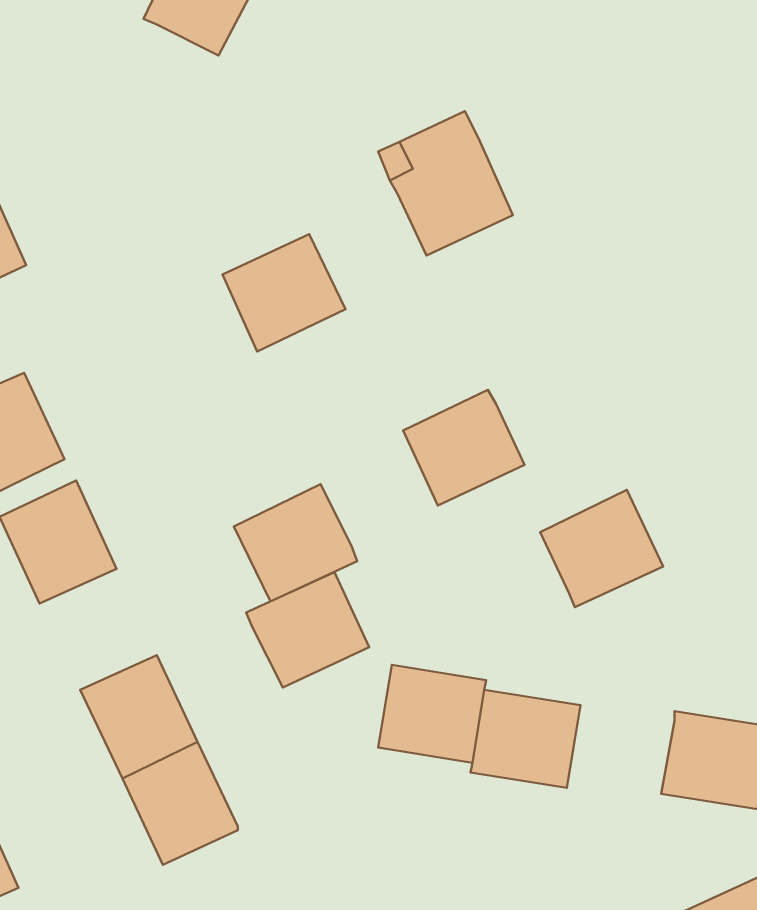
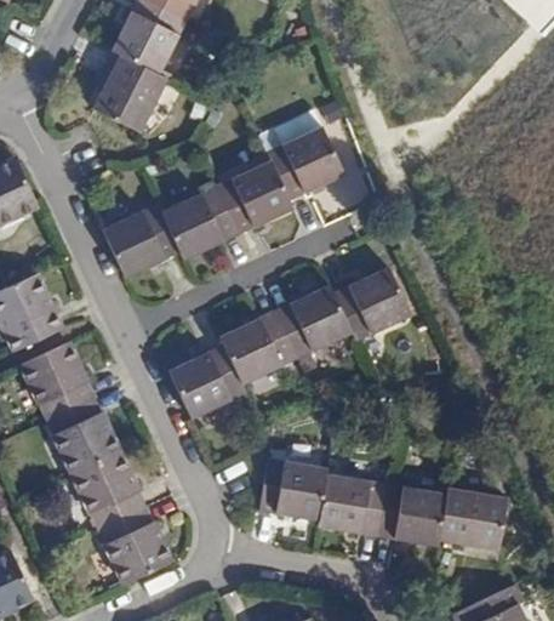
building: none -> [92,55,167,133]
building: none -> [216,161,293,234]
building: none -> [102,204,179,278]
building: [540,490,663,607] -> [333,267,411,341]
building: none -> [46,398,120,474]
building: [246,572,369,688] -> [219,310,297,383]
building: none -> [378,484,446,546]

